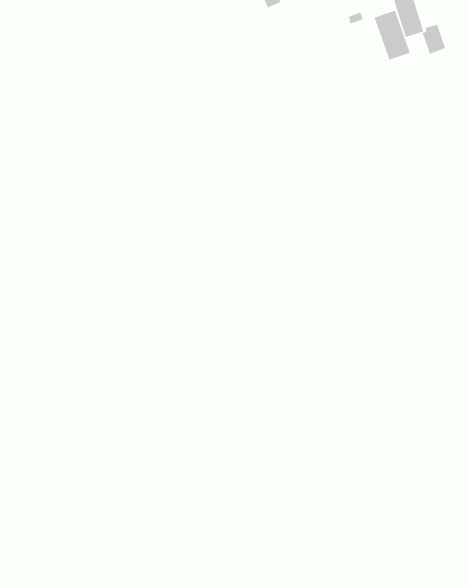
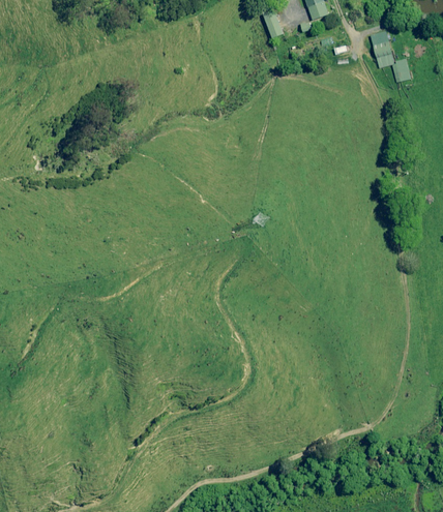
building: [374,10,411,60] -> none

